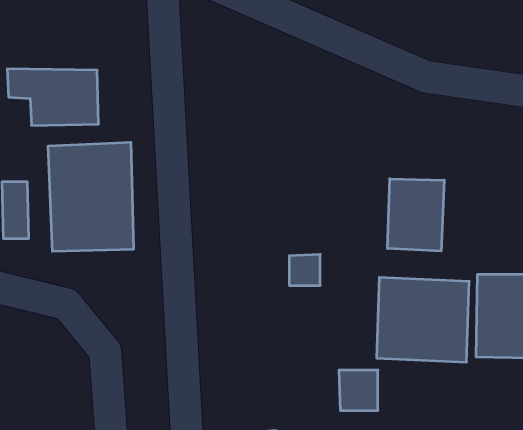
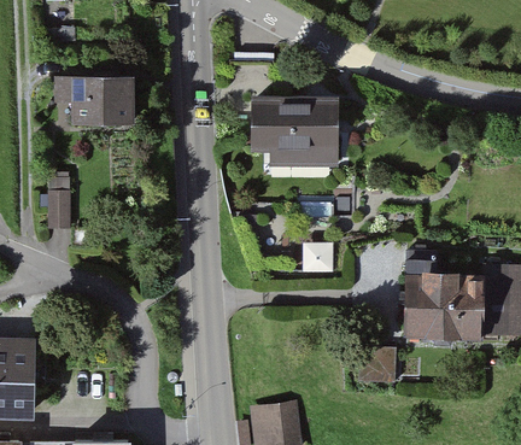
building: none -> [246,93,335,164]
building: [48,142,133,251] -> none
building: [388,179,444,251] -> none

